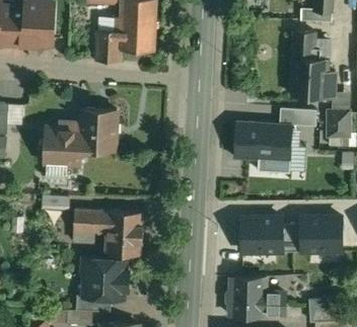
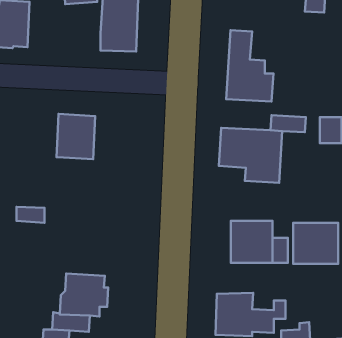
building: [94,32,121,64] -> none
building: [290,32,335,99] -> [226,30,274,101]
building: [43,129,80,164] -> none
building: [73,210,143,256] -> none

